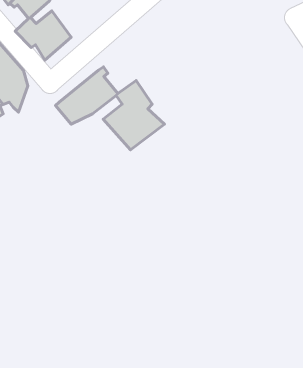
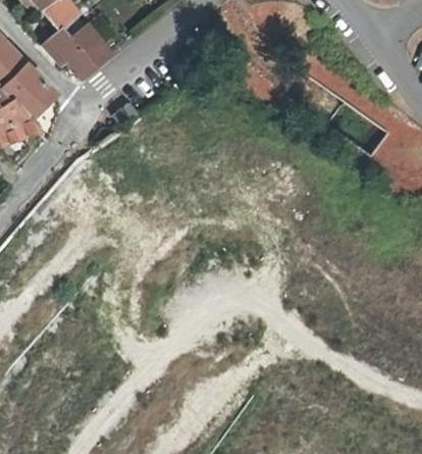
building: [55,67,164,150] -> none

